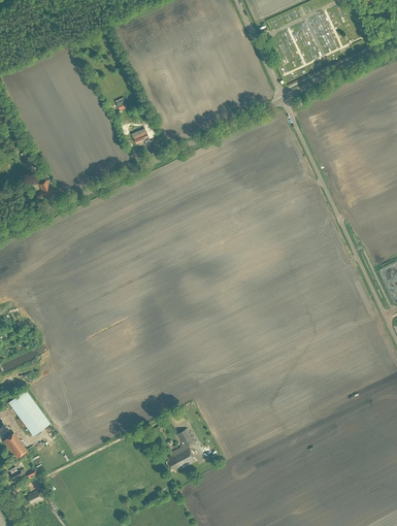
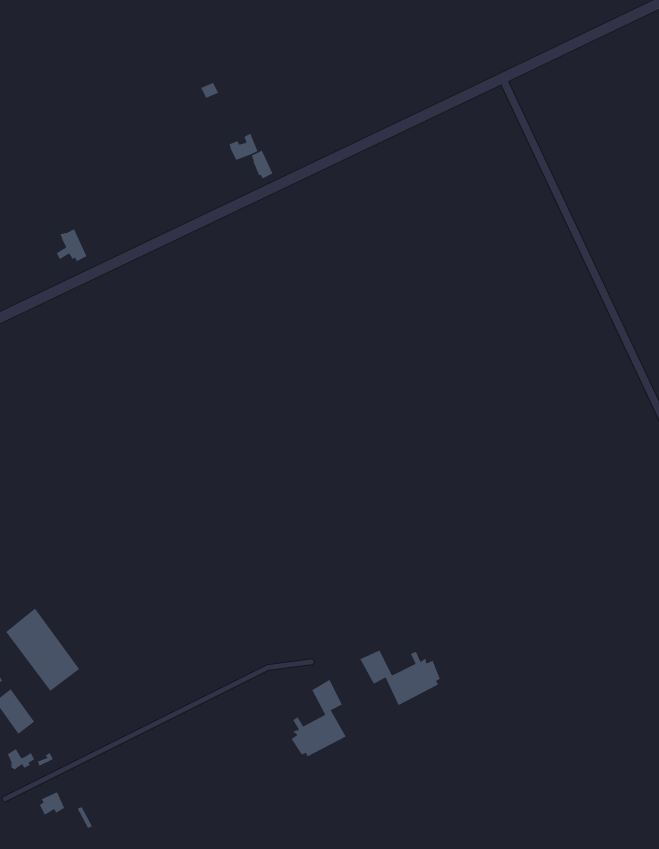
building: none -> [359,649,441,706]

